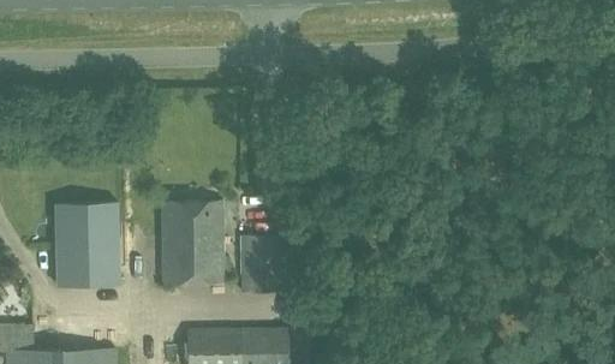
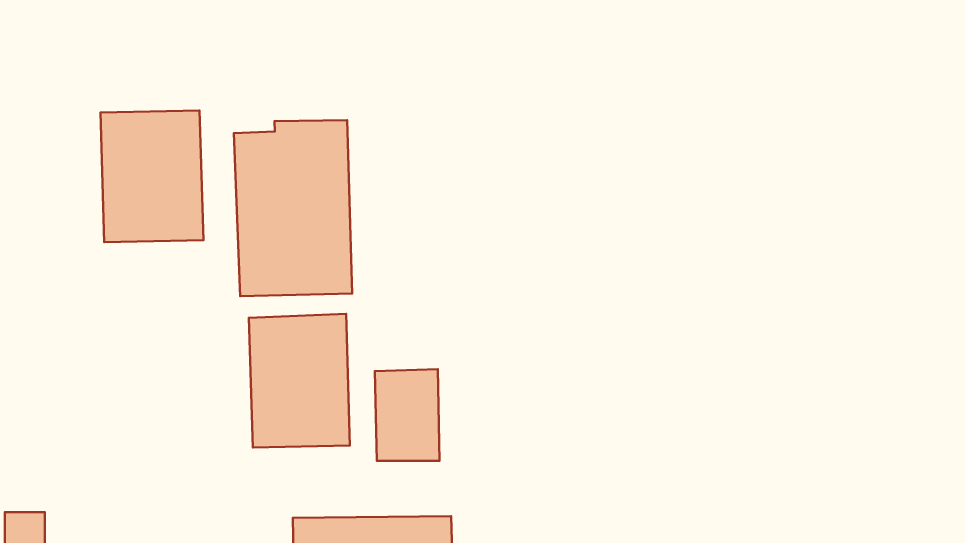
building: none -> [234,120,352,296]
building: [54,203,119,286] -> [100,110,203,242]

